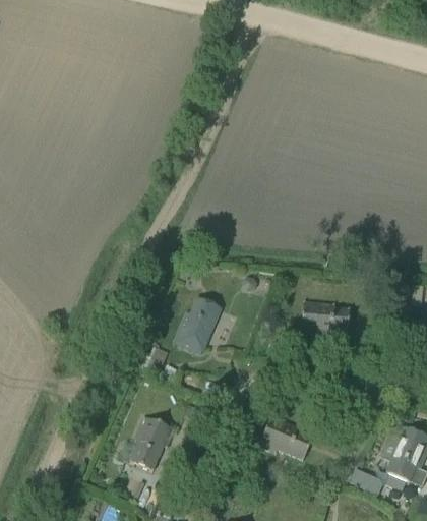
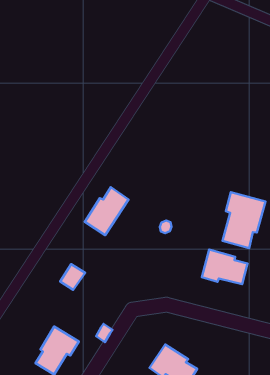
building: none -> [223,192,265,248]
building: [176,297,221,352] -> [85,187,129,235]

